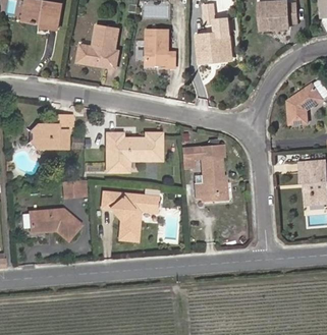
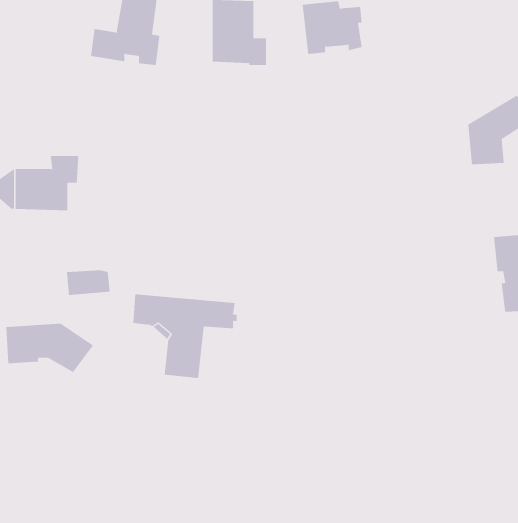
building: [108,133,164,172] -> none
building: [195,149,224,199] -> none

